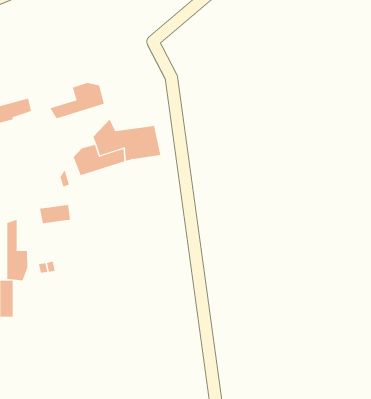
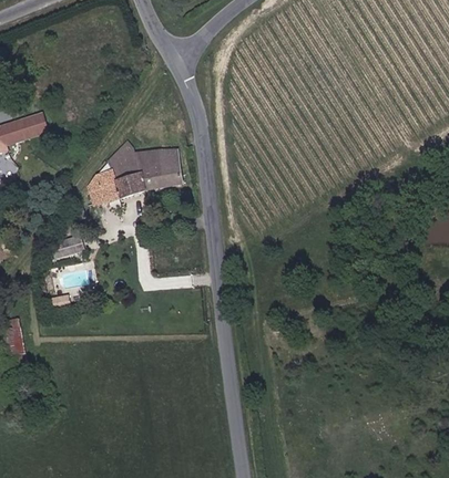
building: [50,82,104,119] -> none
building: [7,219,28,281] -> none

